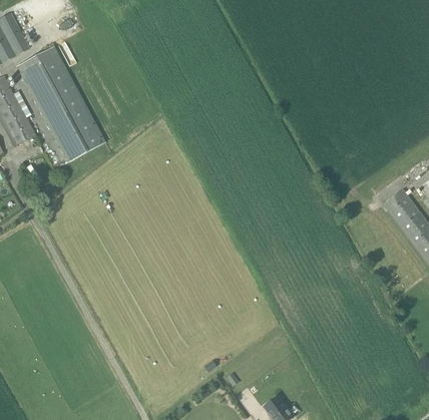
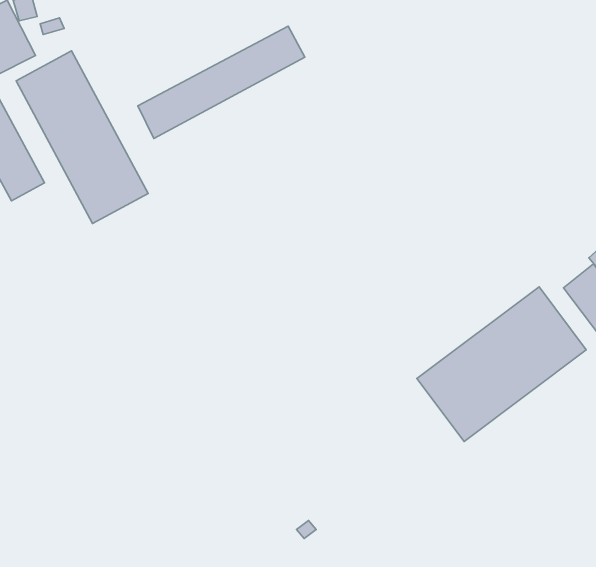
building: none -> [138,26,305,138]
building: none -> [417,287,586,442]

